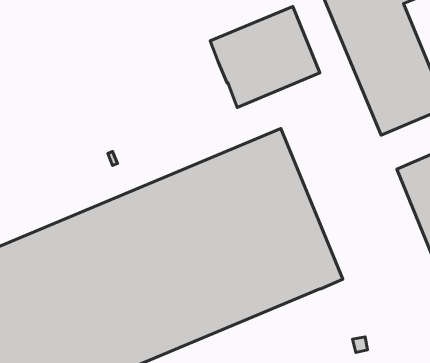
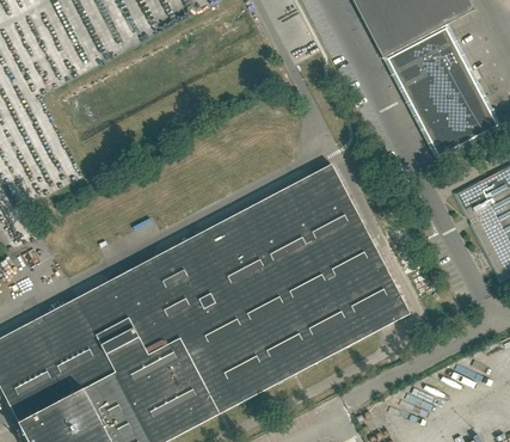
building: [210,6,320,107] -> none

